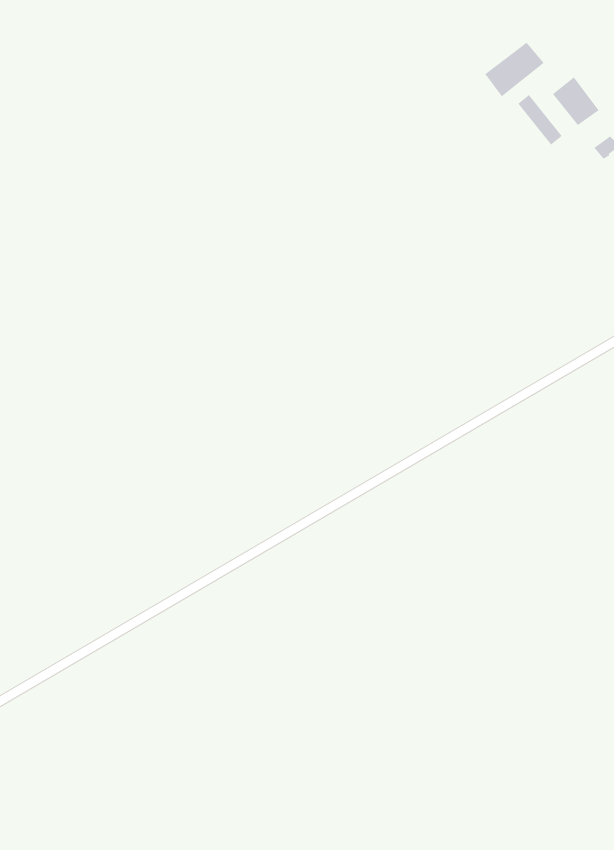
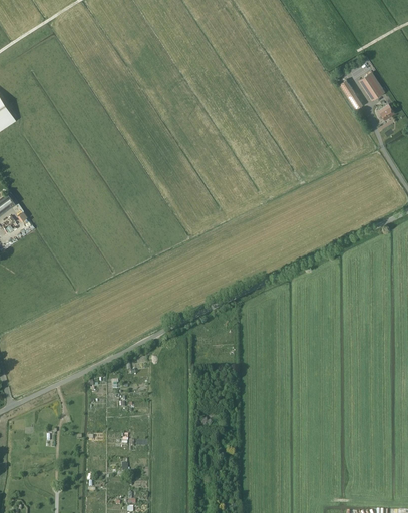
building: [485,42,545,97] -> none

